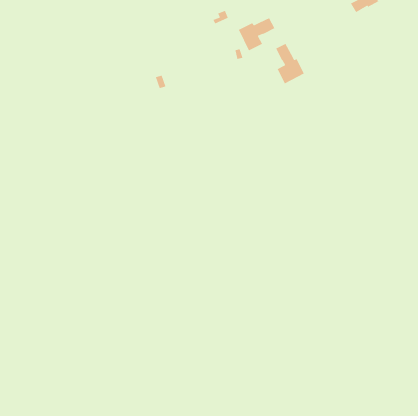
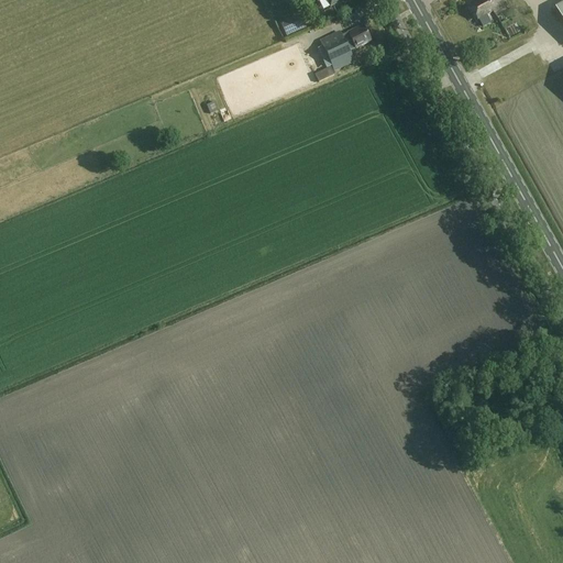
building: [275,43,305,85] -> none

